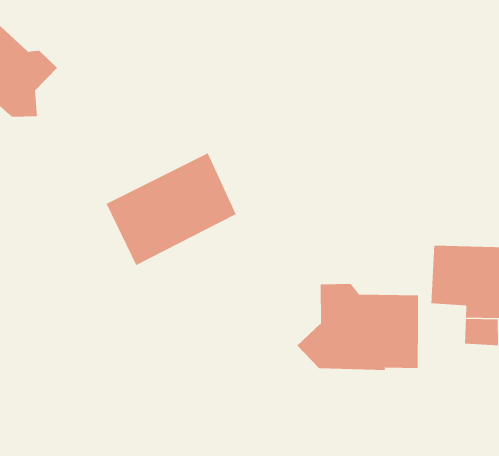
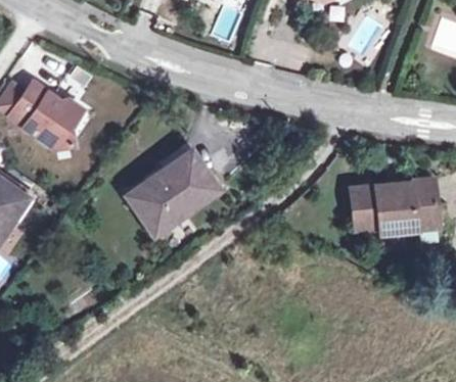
building: [296,283,419,371] -> none

